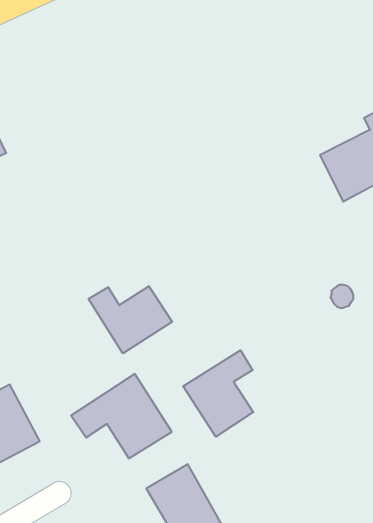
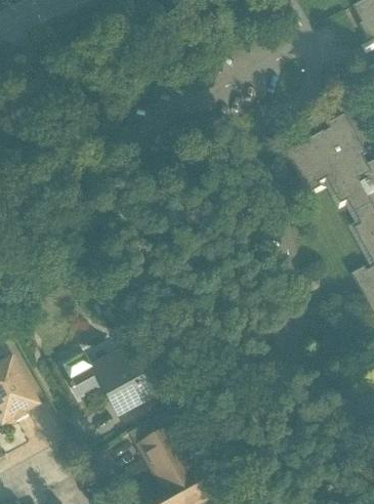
building: [89,286,172,353] -> none
building: [183,350,253,437] -> none

